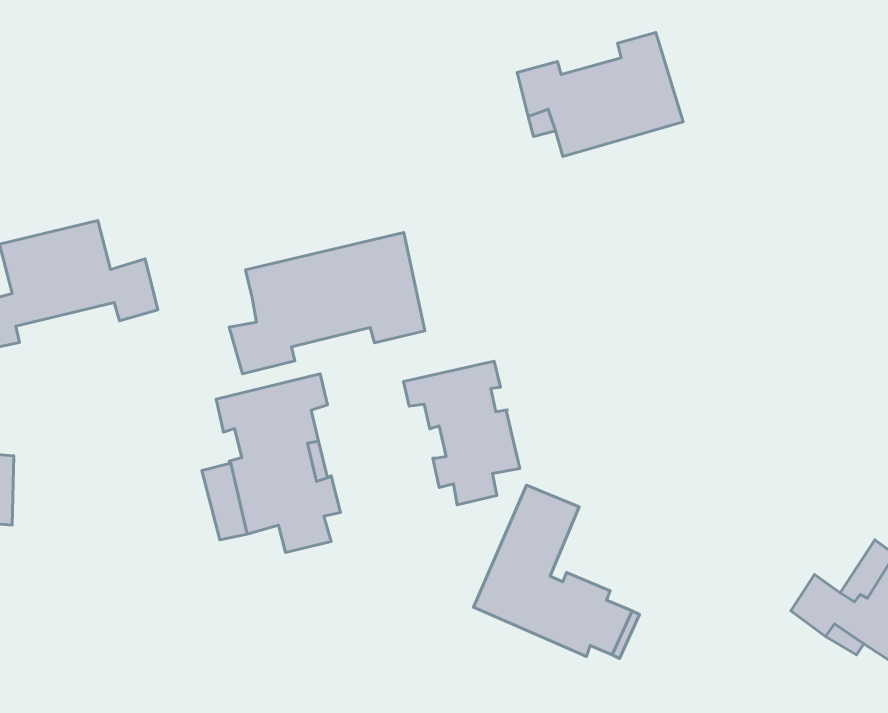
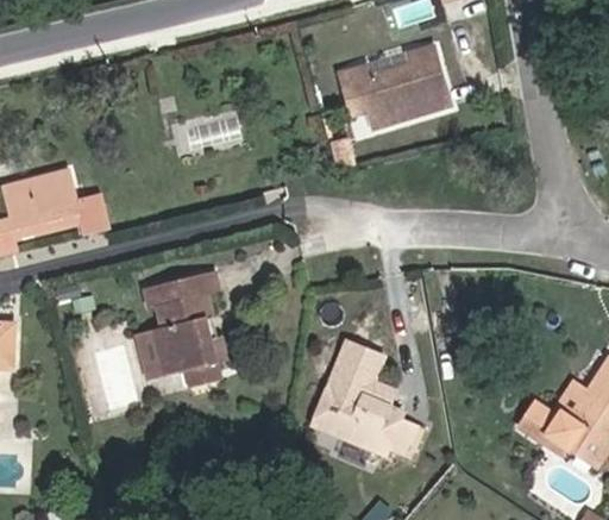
building: [229,233,425,374] -> none
building: [403,361,520,505] -> none

